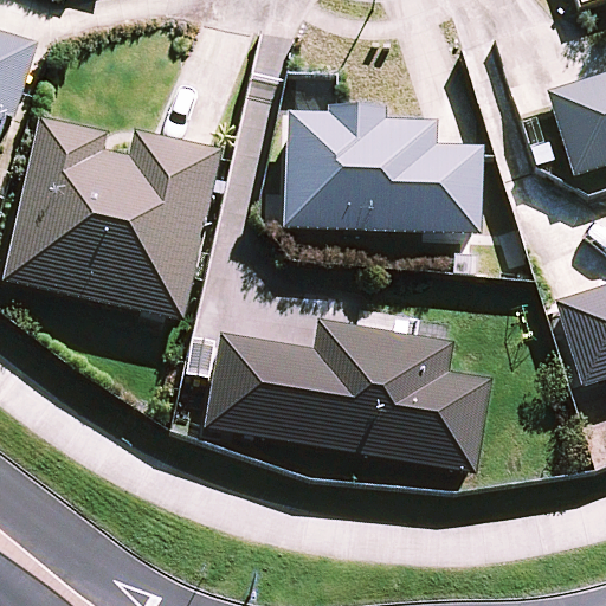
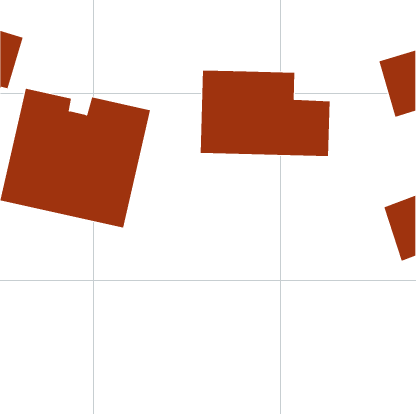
building: [212,317,489,466] -> none

